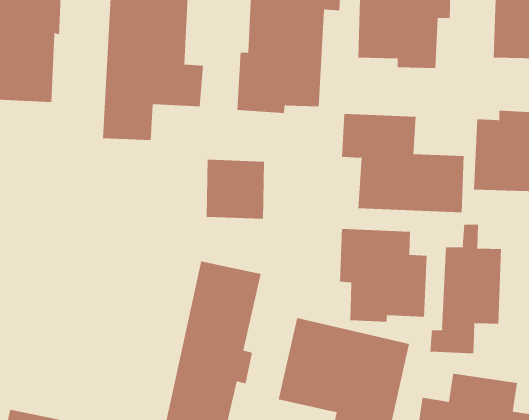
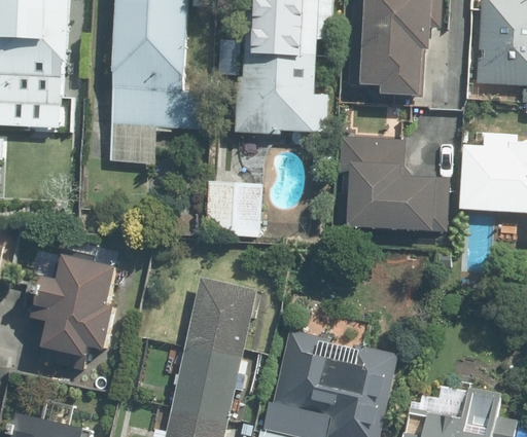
building: [430,224,502,354] -> none
building: [339,228,427,322] -> none
building: none -> [32,251,118,357]

